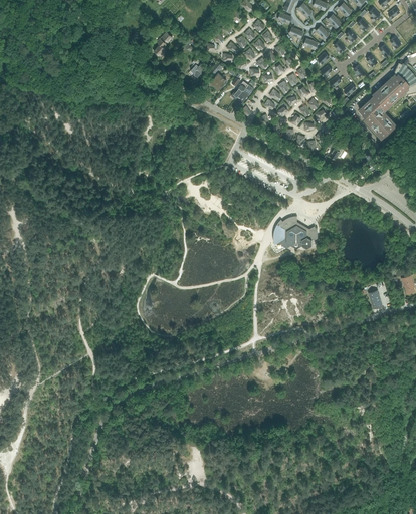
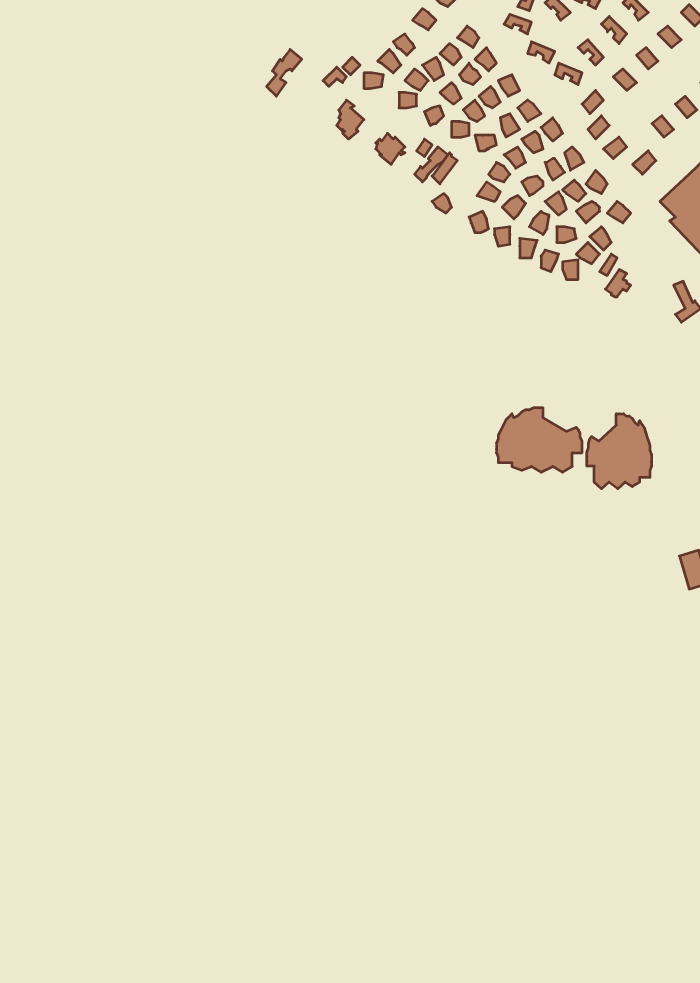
building: none -> [587,414,651,489]

